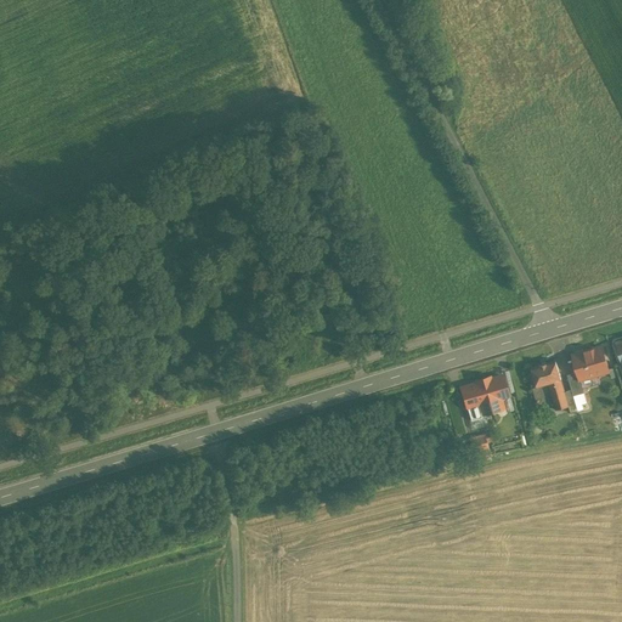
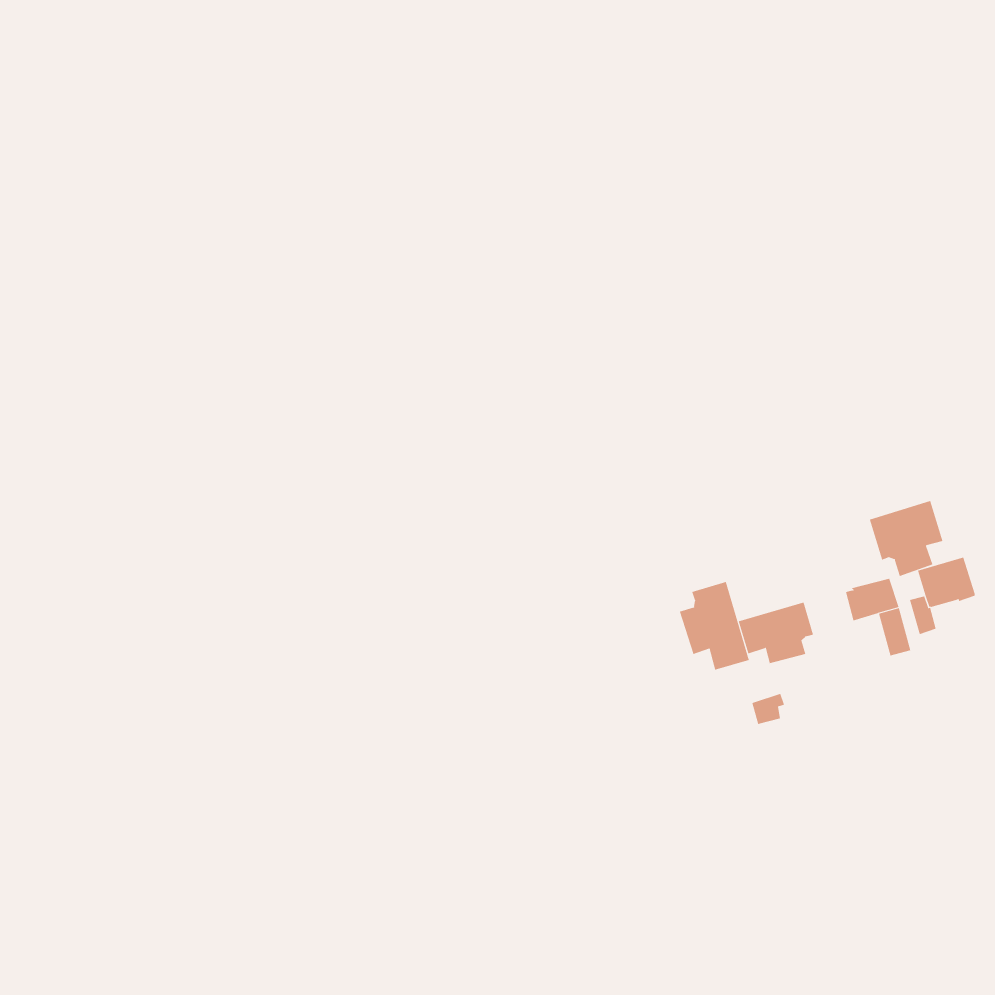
building: none -> [869,500,943,577]
building: none -> [679,581,750,671]

